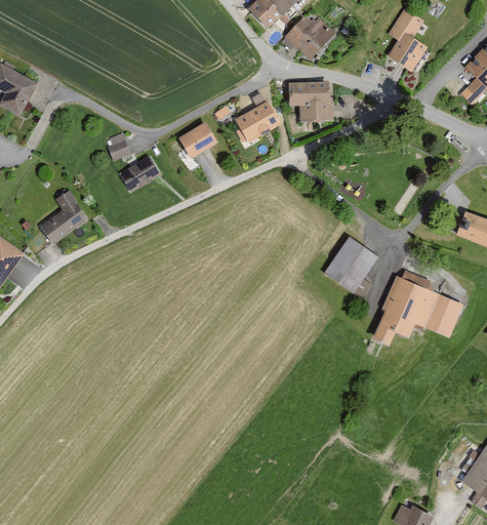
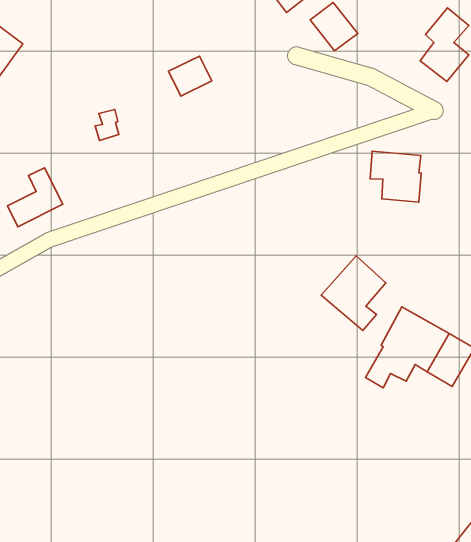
building: [287,81,333,123] -> [370,151,421,202]
building: [238,102,279,139] -> none
building: [177,122,216,159] -> [168,56,212,96]
building: [119,156,160,192] -> none

